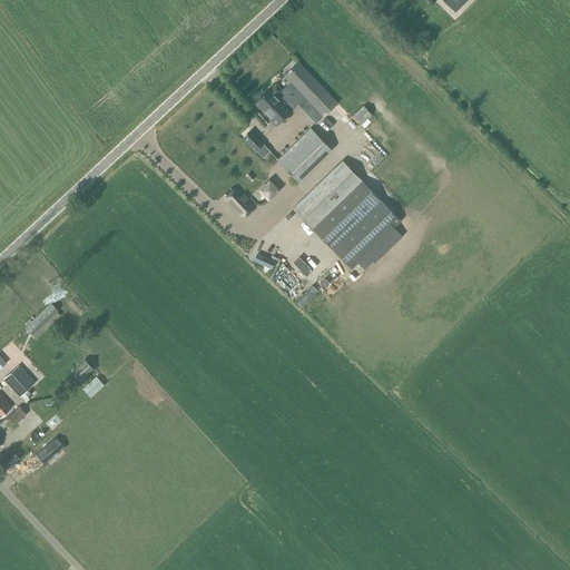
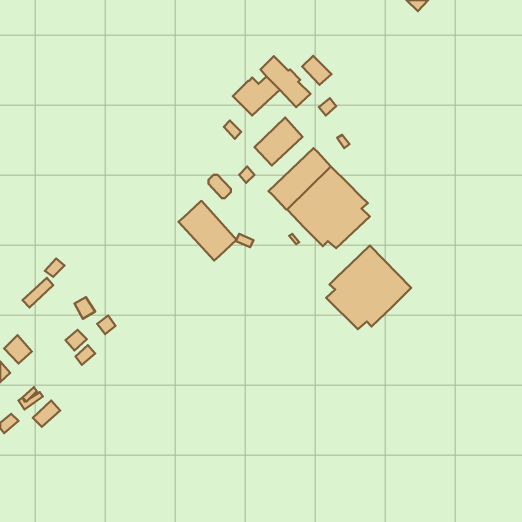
building: none -> [302,56,332,85]
building: none -> [178,201,237,261]
building: none -> [326,246,411,329]

